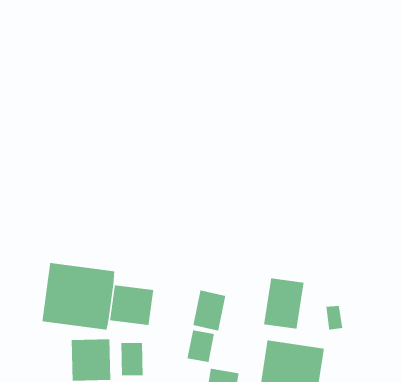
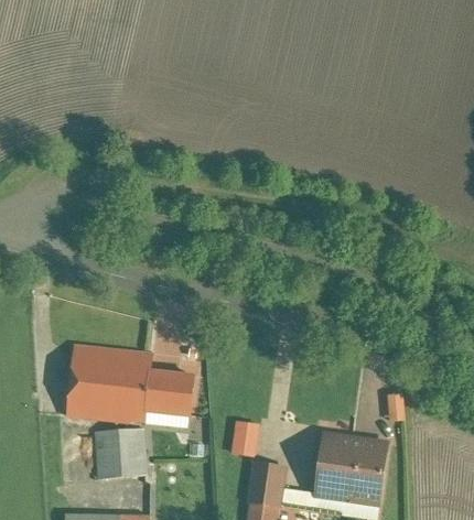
building: [263,278,304,330] -> none
building: [193,289,226,332] -> none
building: [120,342,144,376] -> none

